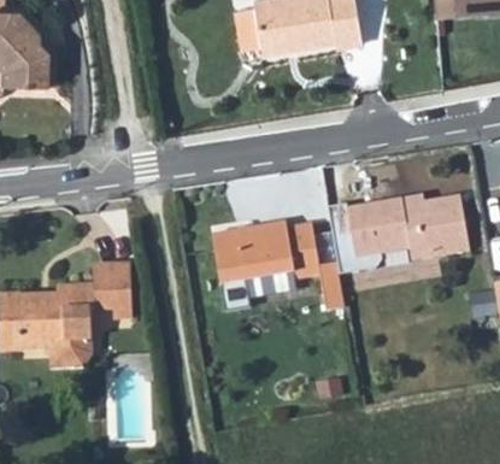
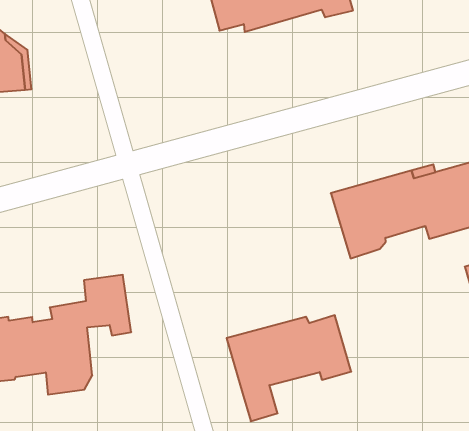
building: [210,219,320,310] -> [227,315,351,421]

